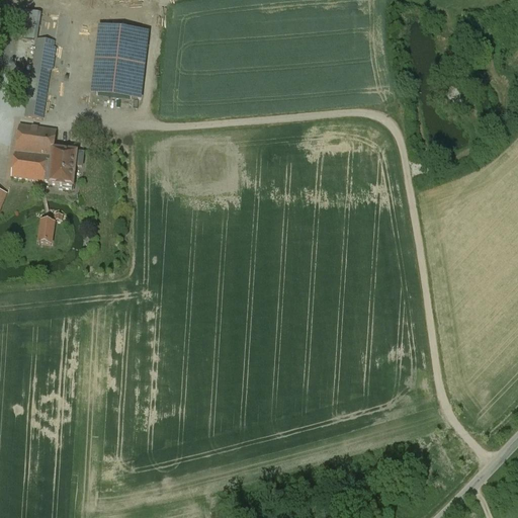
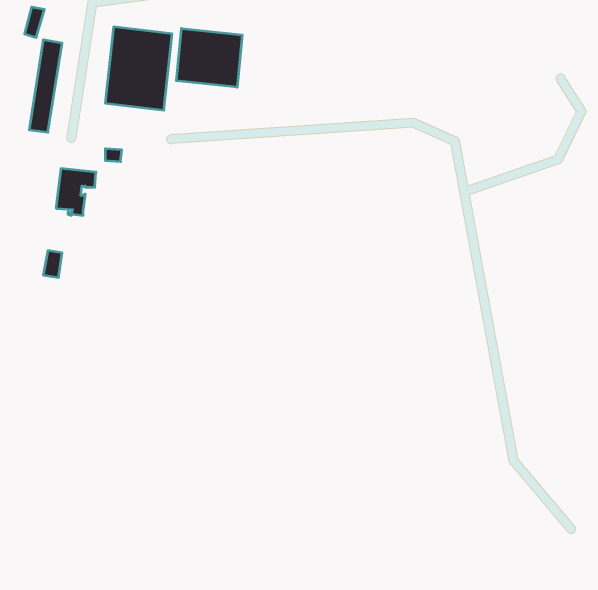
building: none -> [176,28,242,87]
building: [11,121,56,178] -> none

